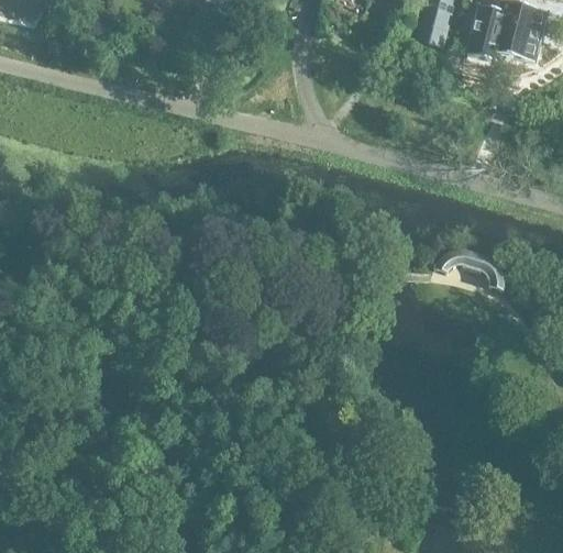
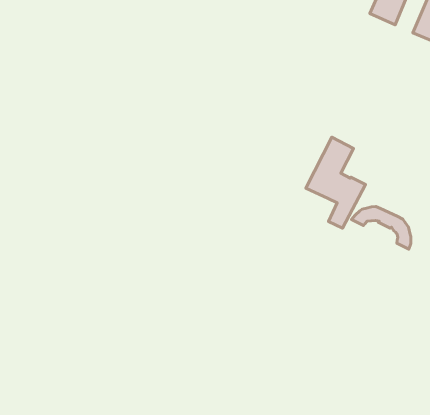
building: none -> [306,137,365,228]

